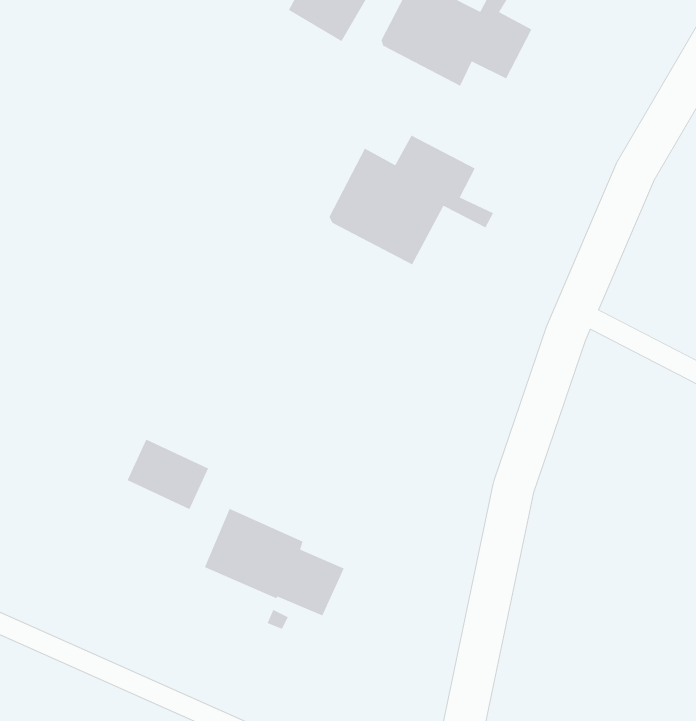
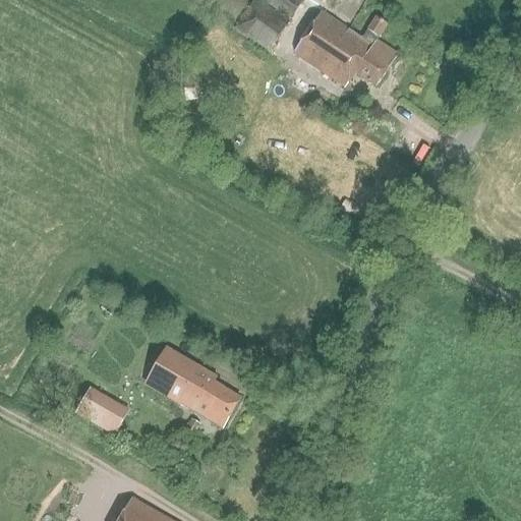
building: [328,134,494,266] -> none
building: [127,438,209,510] -> [74,385,129,435]

